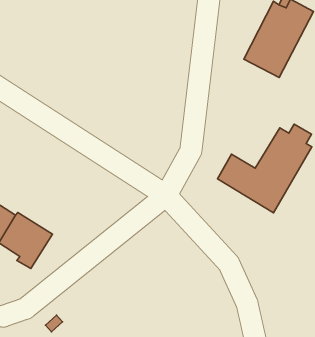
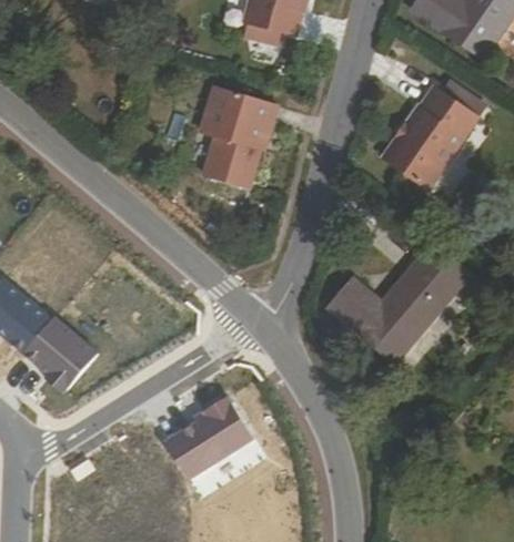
building: none -> [201,89,278,190]
building: none -> [163,398,251,478]

